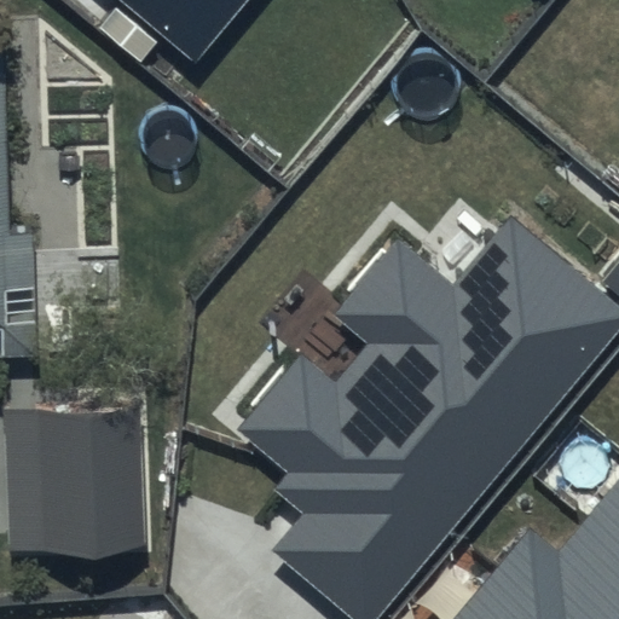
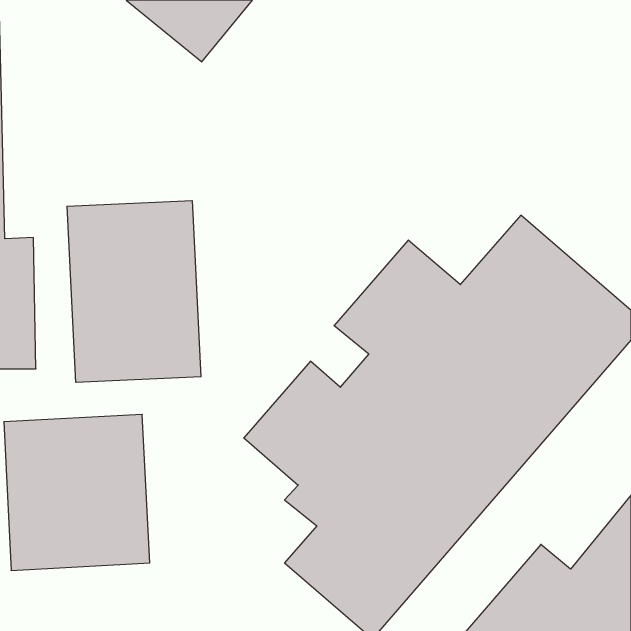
building: none -> [67,201,201,382]

